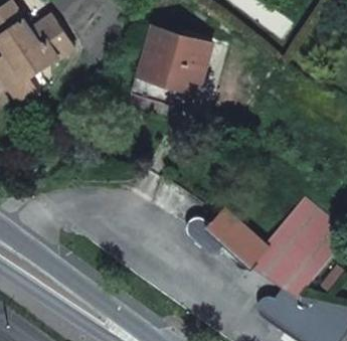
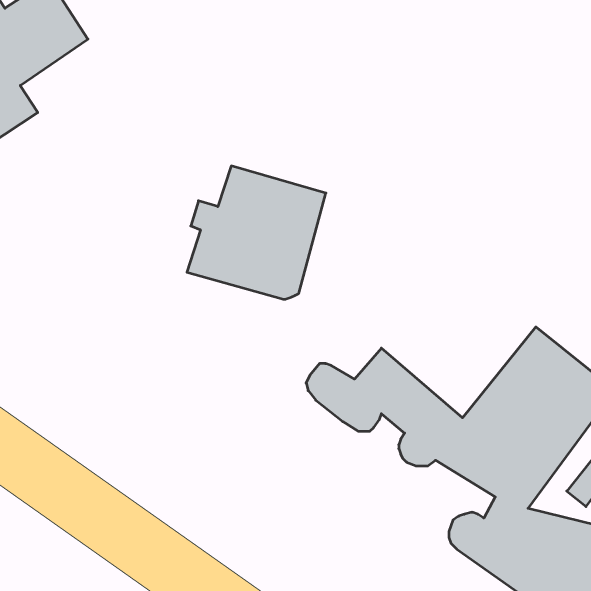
building: [132,32,204,102] -> [187,166,326,299]

